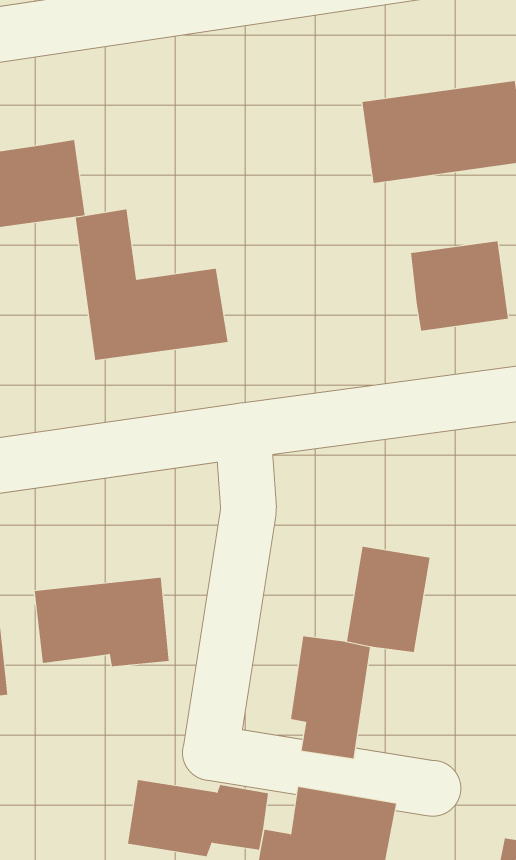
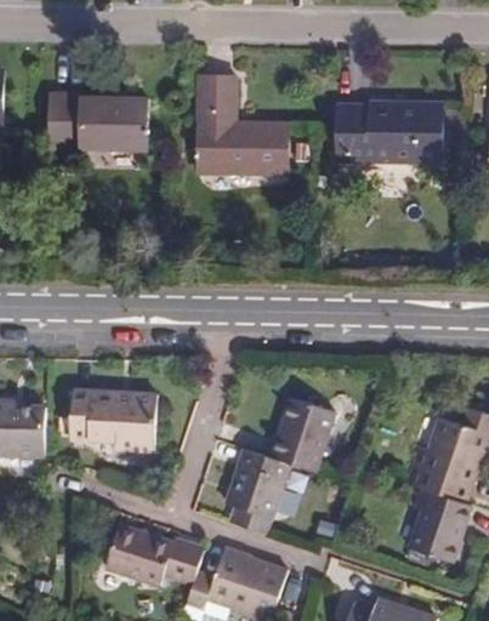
building: [75,209,229,360] -> [197,75,286,173]
building: [410,240,508,332] -> none

